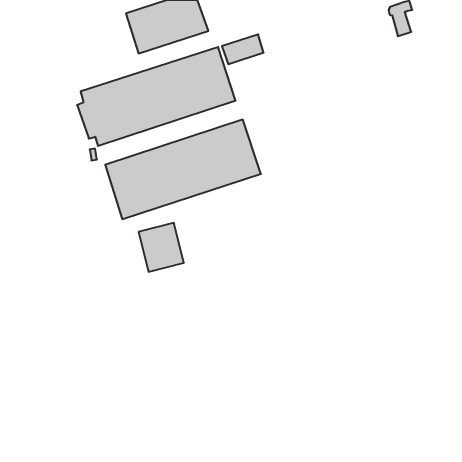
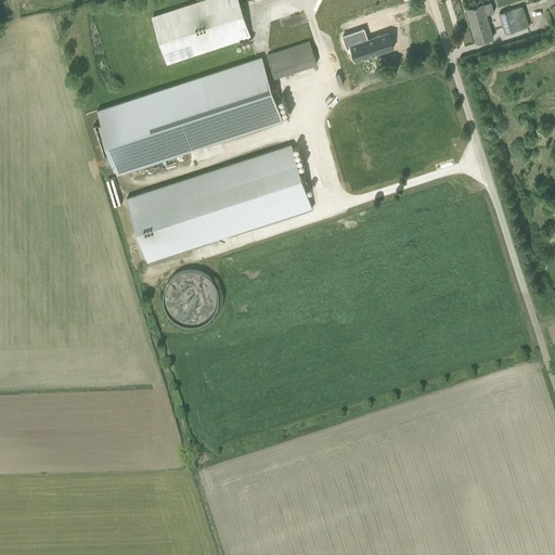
building: none -> [499,7,528,35]
building: none -> [349,28,395,59]

